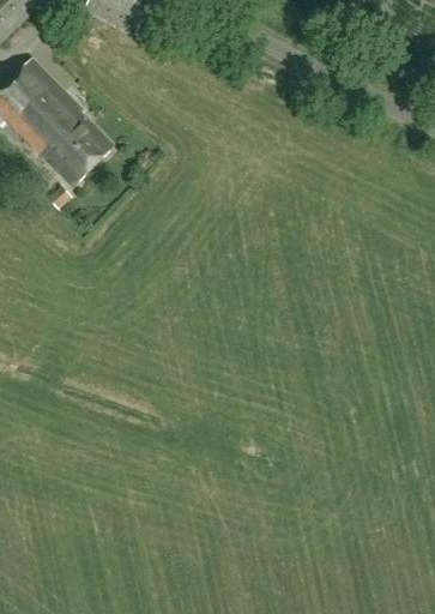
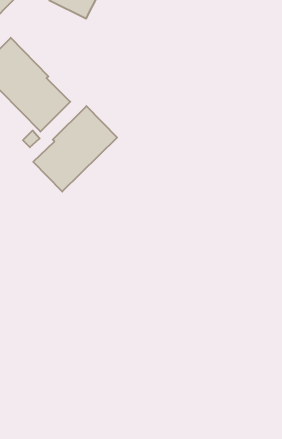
building: none -> [33,106,117,192]

